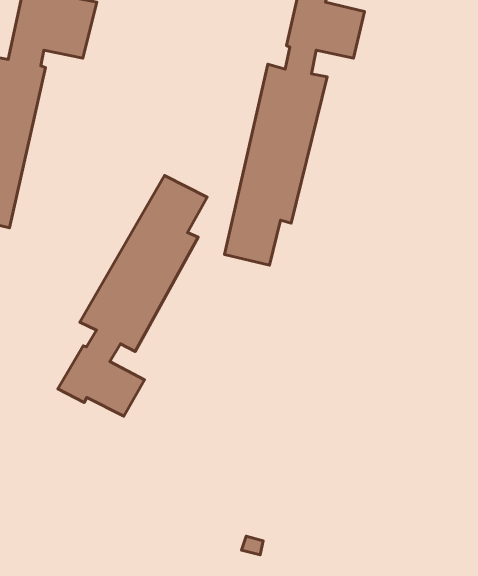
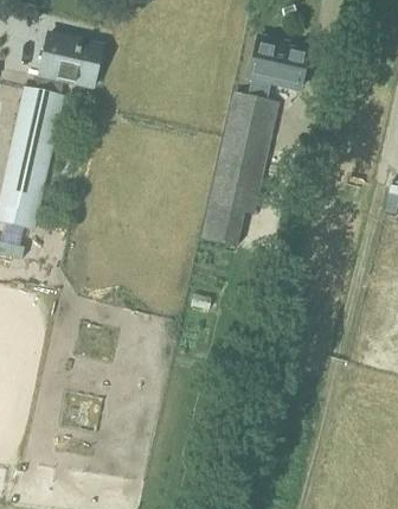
building: [58,176,207,416] -> none

